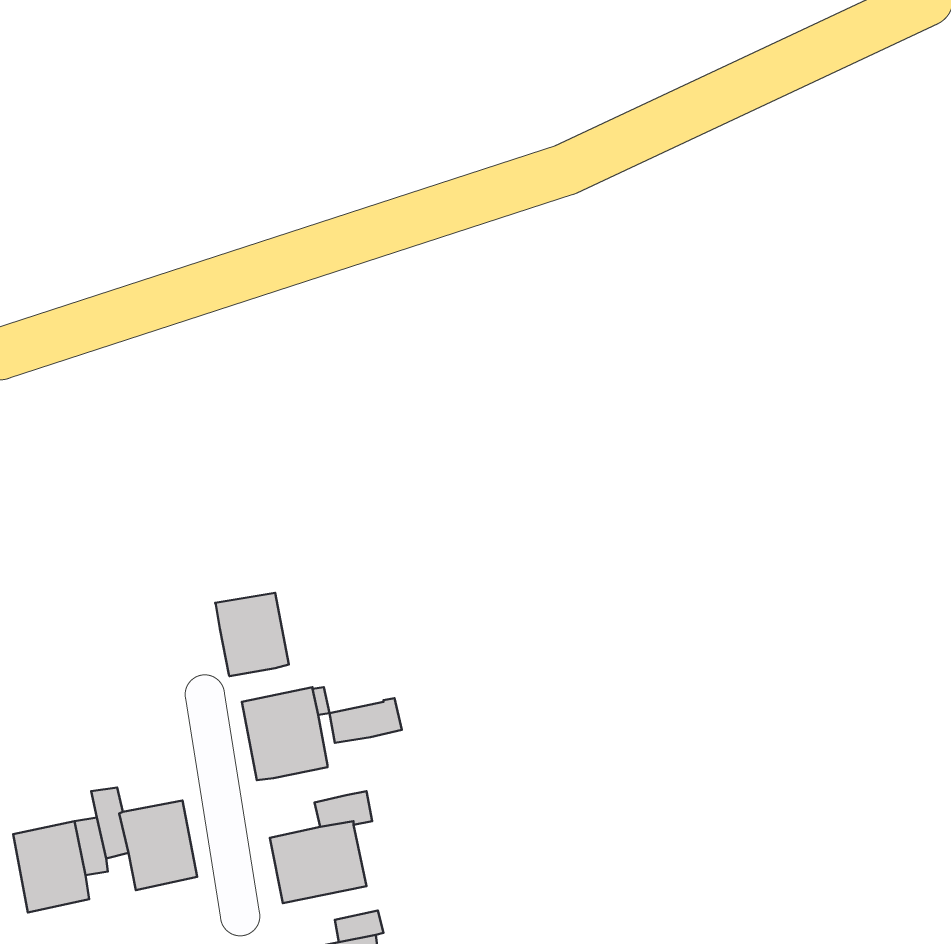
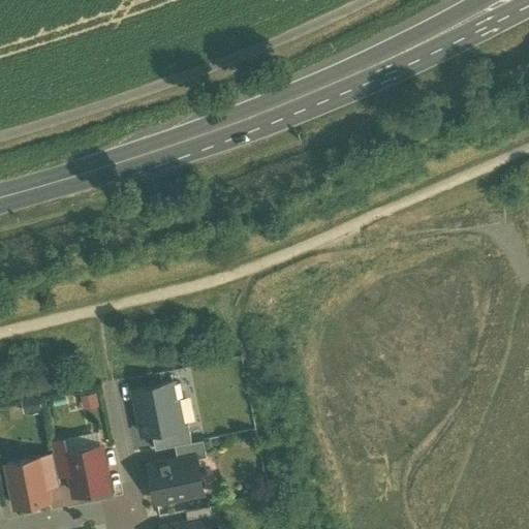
building: [215,593,289,676] -> none
building: [329,698,402,743] -> [152,428,192,453]

